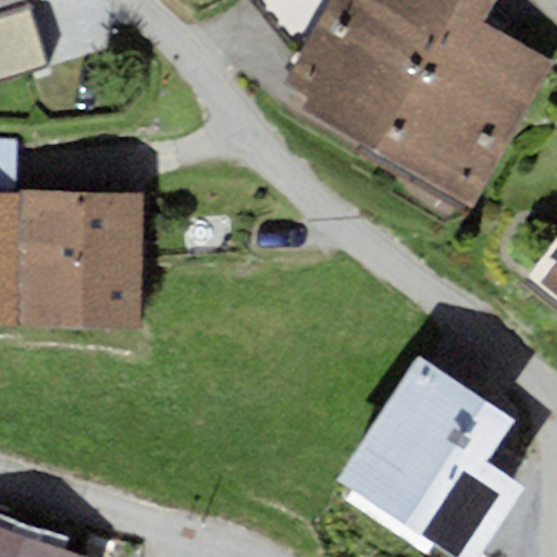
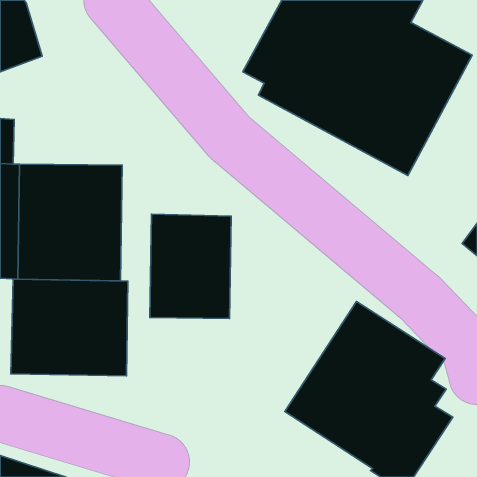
building: none -> [150,214,231,318]
building: none -> [11,279,128,376]

